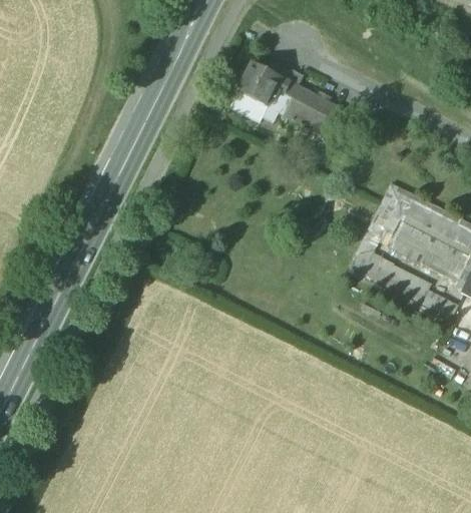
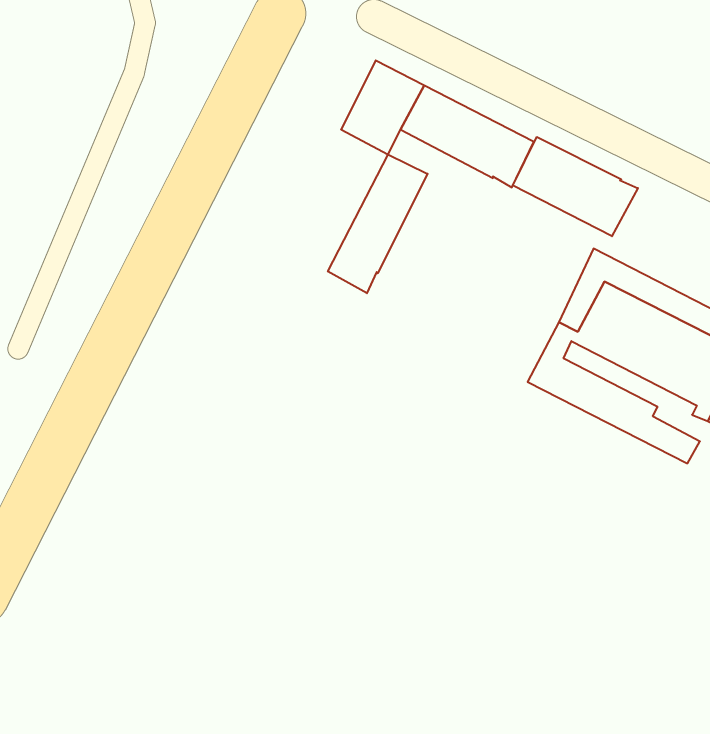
building: none -> [513,137,638,236]
building: none -> [328,154,428,293]

